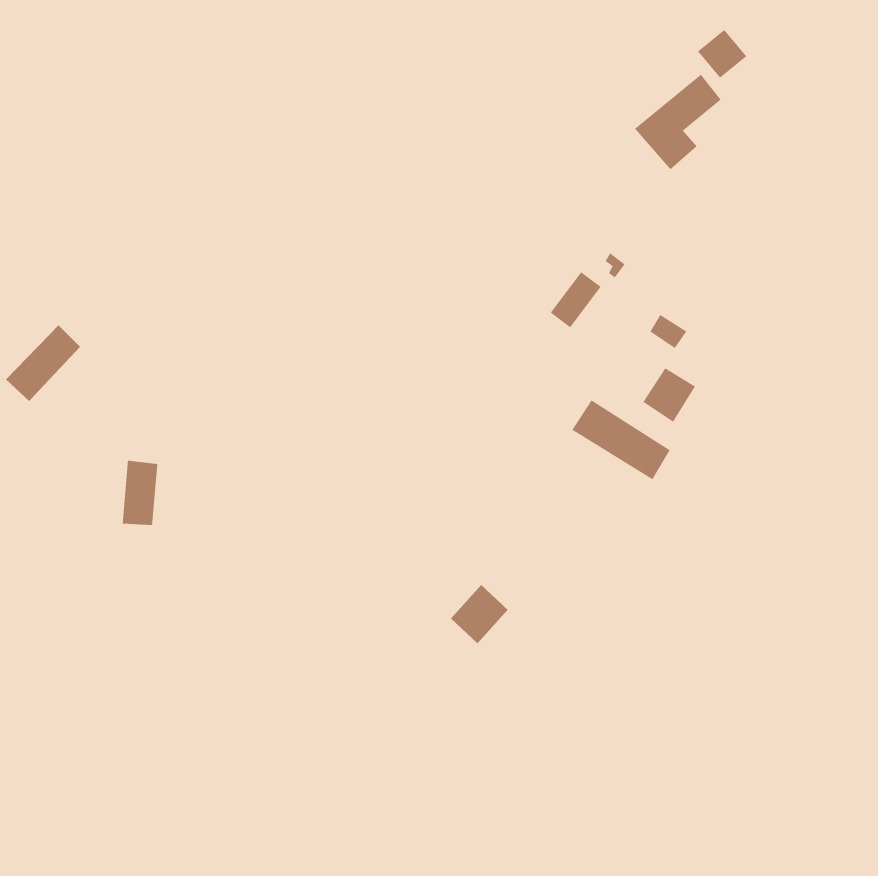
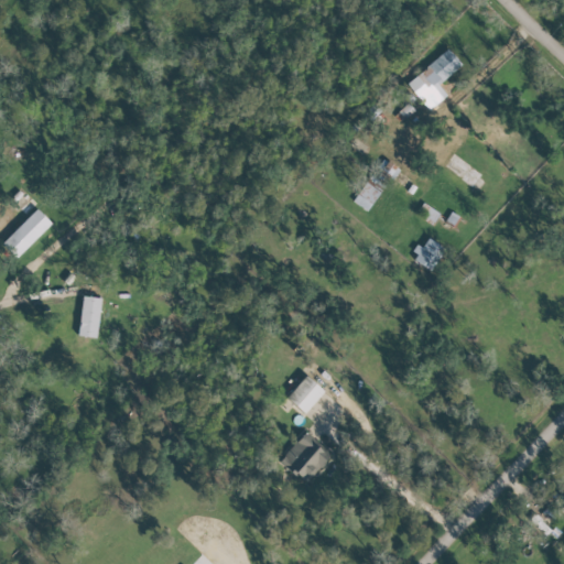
building: [697,29,747,79] -> none
building: [571,400,670,480] -> none
building: none -> [282,433,330,482]

